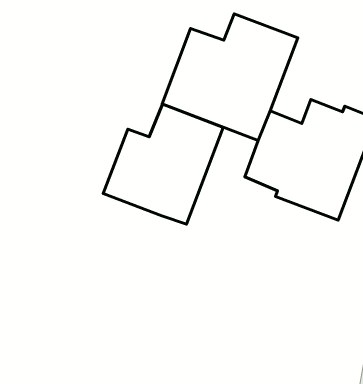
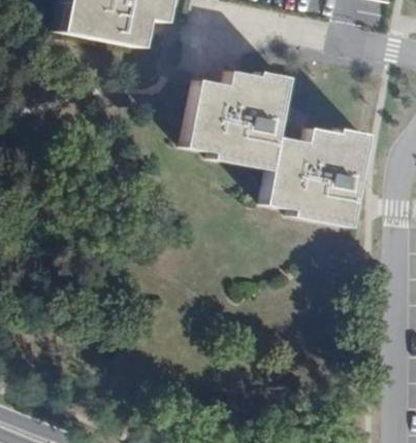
building: [103,104,223,224] -> none

